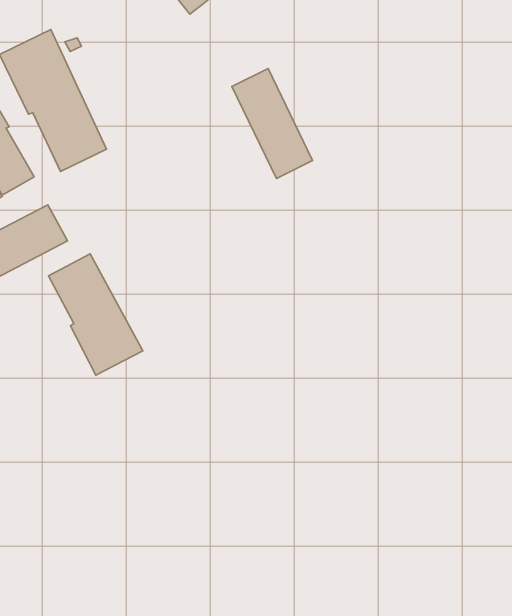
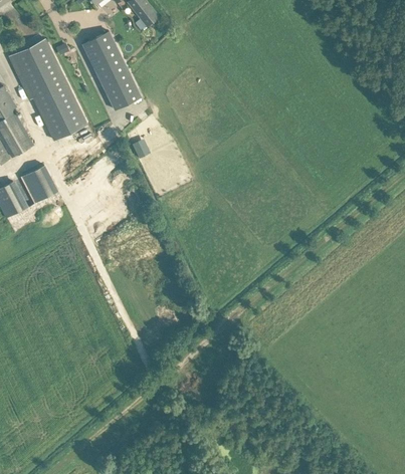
building: [232,69,313,179] -> [81,31,140,110]
building: [48,254,143,375] -> none

